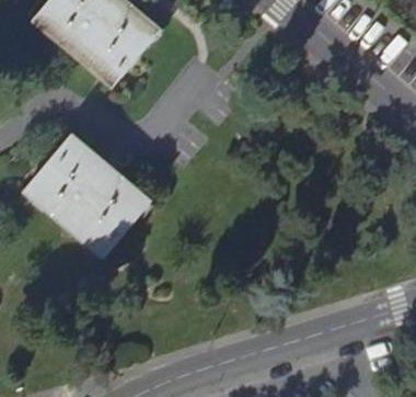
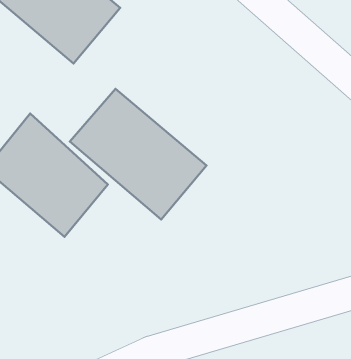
building: none -> [70,89,207,219]

